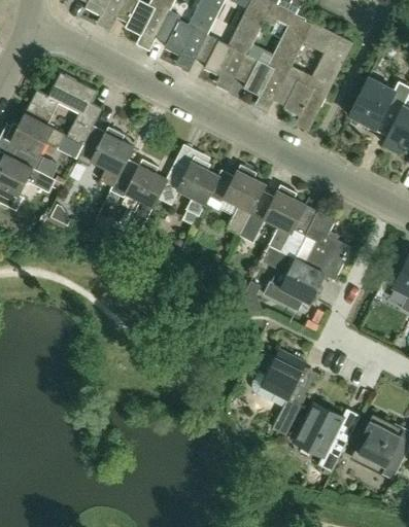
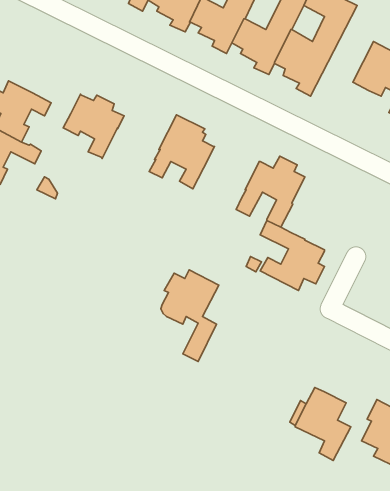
building: [24,73,102,159] -> none
building: [109,159,167,233] -> none
building: [208,165,265,236] -> none
building: [281,205,350,280] -> none
building: [251,349,306,435] -> [161,270,219,361]

